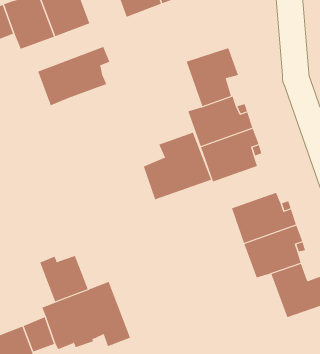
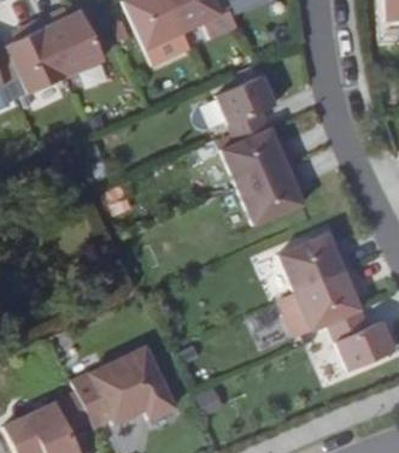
building: [37,46,110,106] -> none
building: [143,132,212,200] -> none
building: [39,255,88,302] -> none

